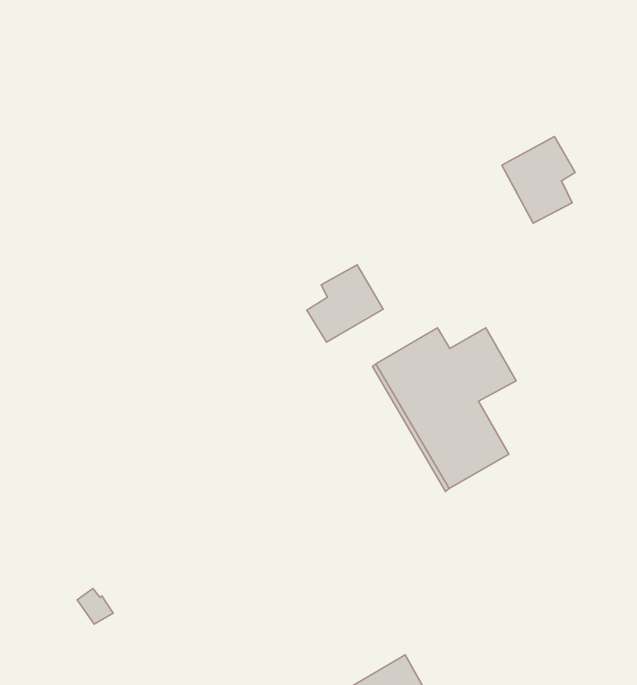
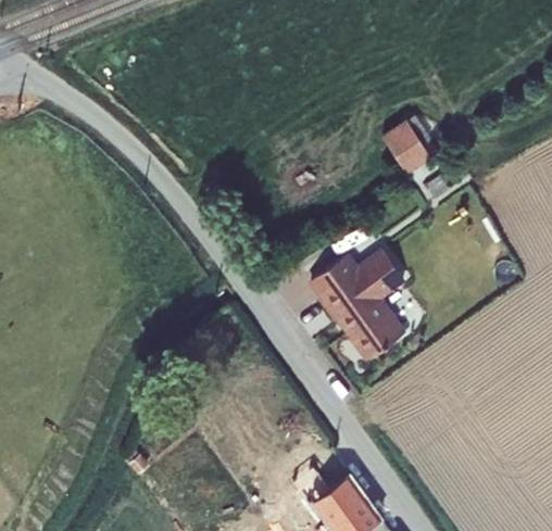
building: [307,265,383,342] -> none

